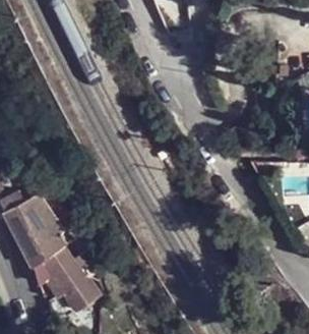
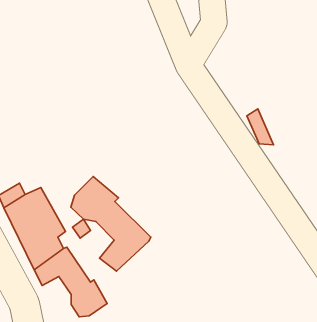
building: none -> [71,176,151,271]

